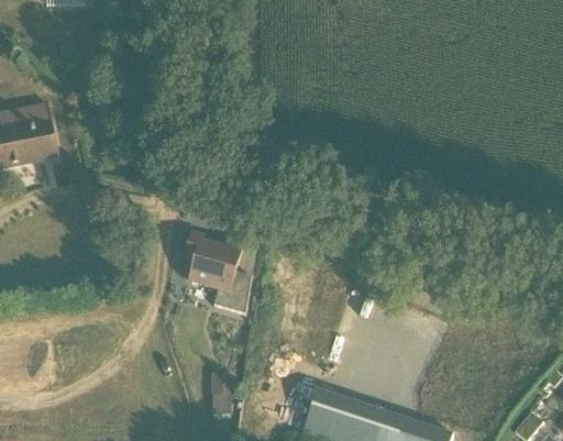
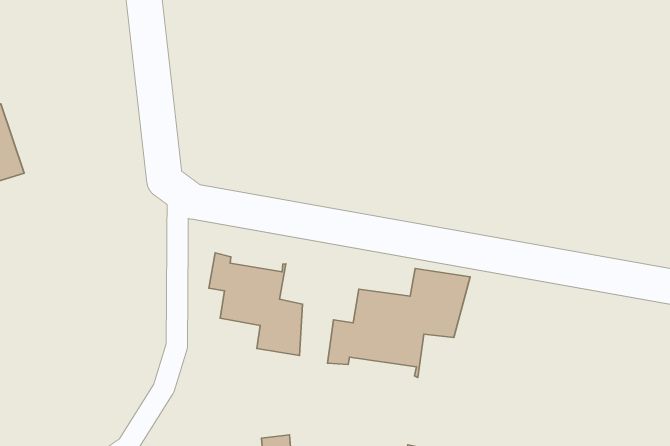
building: none -> [328,268,470,378]

